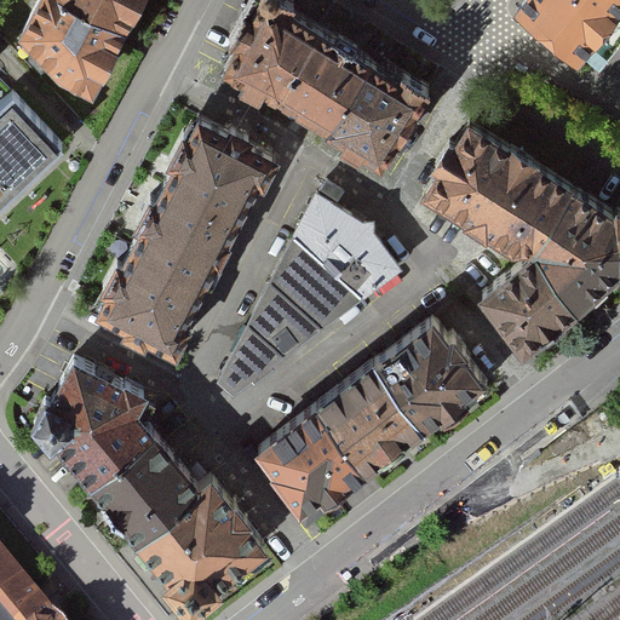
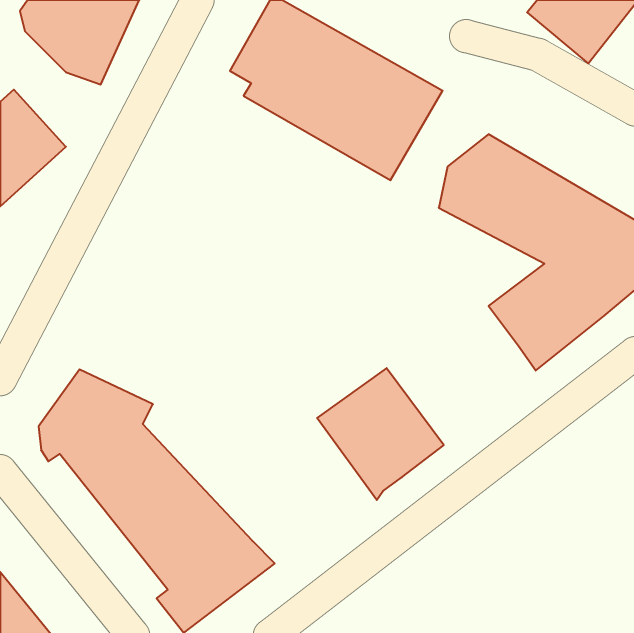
building: [97,116,277,356] -> none
building: [206,189,386,396] -> none
building: [378,317,492,436] -> none
building: [258,409,368,528] -> none

